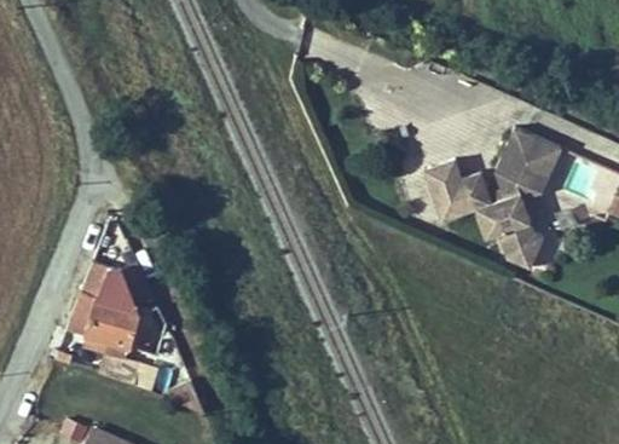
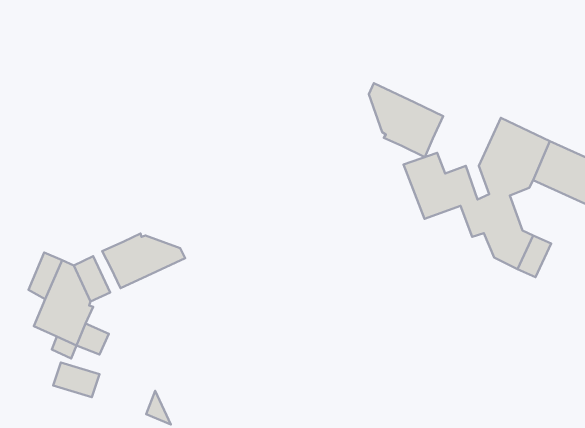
building: none -> [369,83,443,157]
building: none -> [102,233,185,288]

